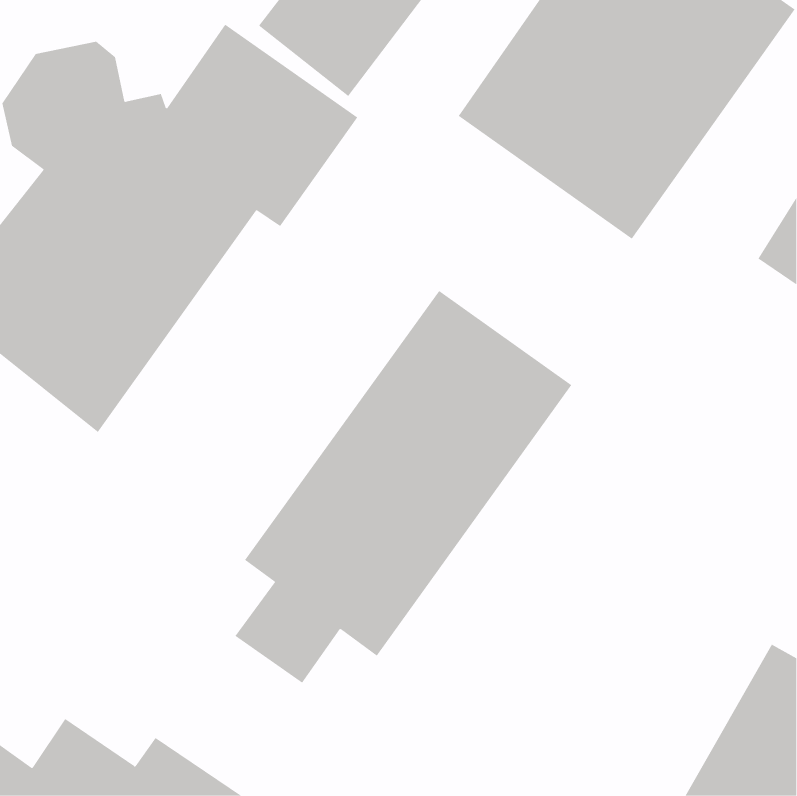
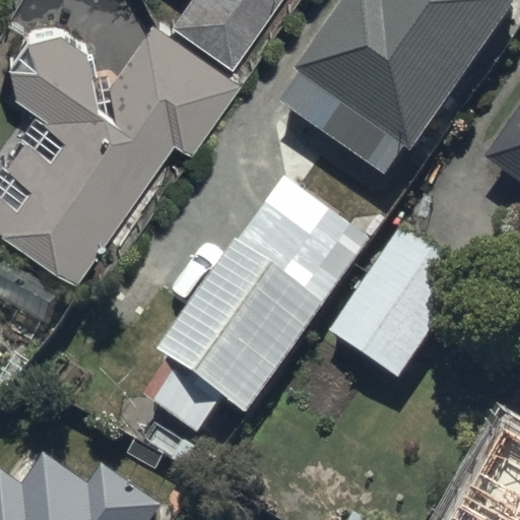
building: none -> [326,235,466,384]

